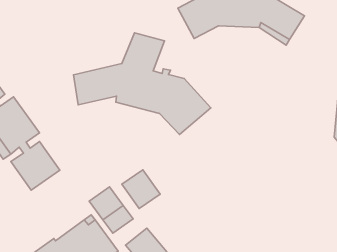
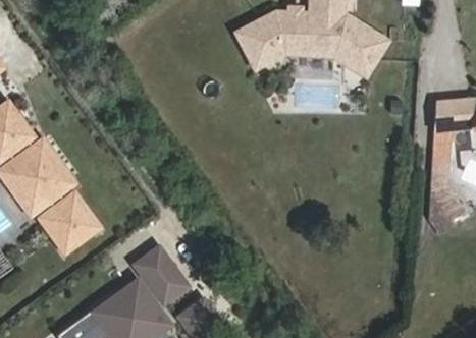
building: [73,33,211,135] -> none
building: [122,170,160,209] -> none

